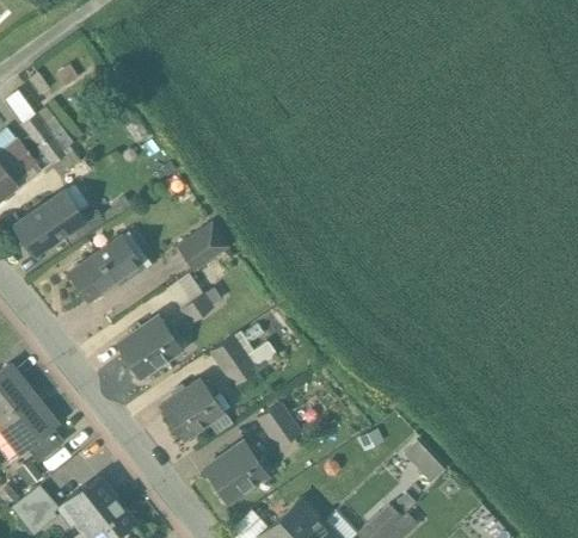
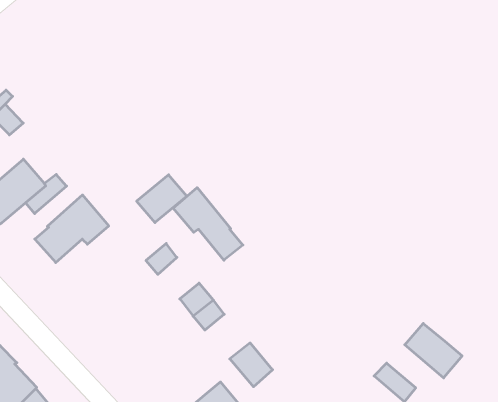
building: none -> [173,188,243,260]
building: [117,316,182,378] -> none
building: [161,379,225,439] -> none
building: none -> [405,323,462,378]

